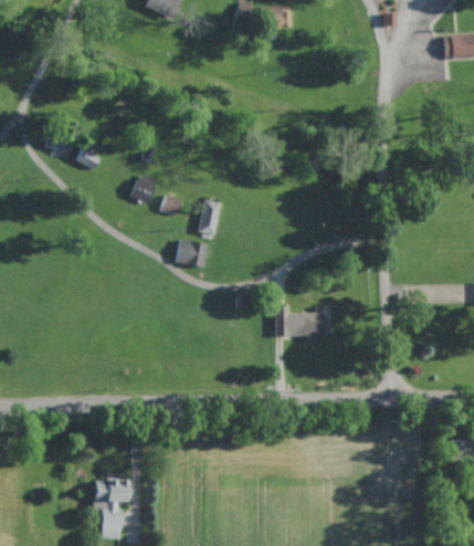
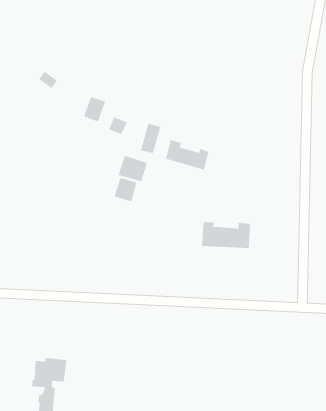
building: none -> [165,140,209,170]
building: none -> [114,177,137,202]

